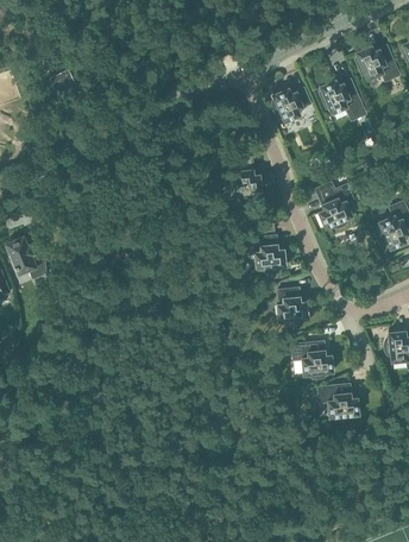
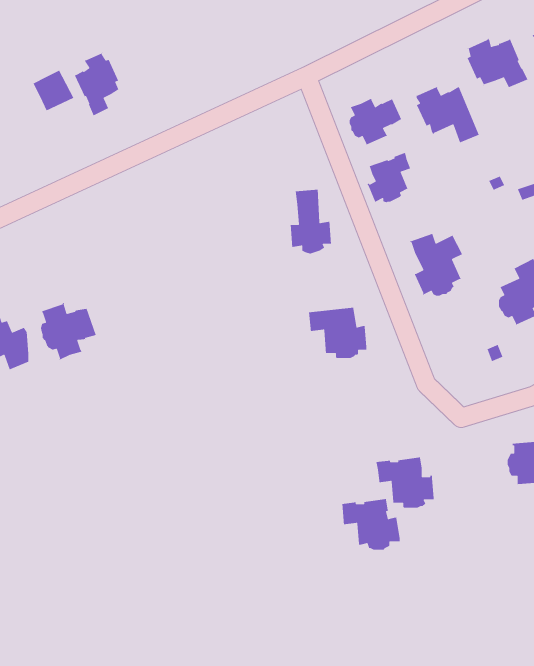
building: none -> [73,52,120,117]
building: none -> [367,152,411,203]
building: none -> [40,301,97,361]
building: [277,286,308,324] -> none
building: [317,383,359,420] -> [342,498,400,550]

